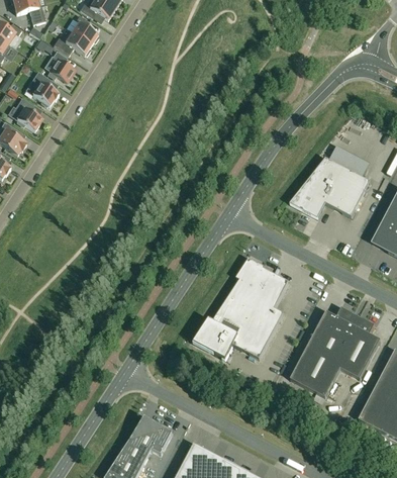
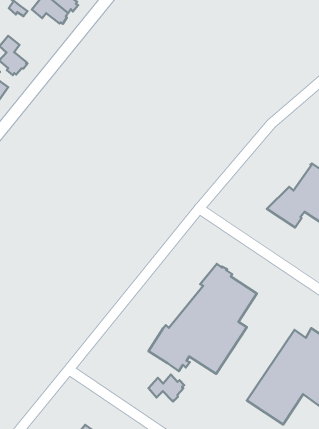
building: [49,50,74,81] -> none
building: none -> [148,374,184,402]

